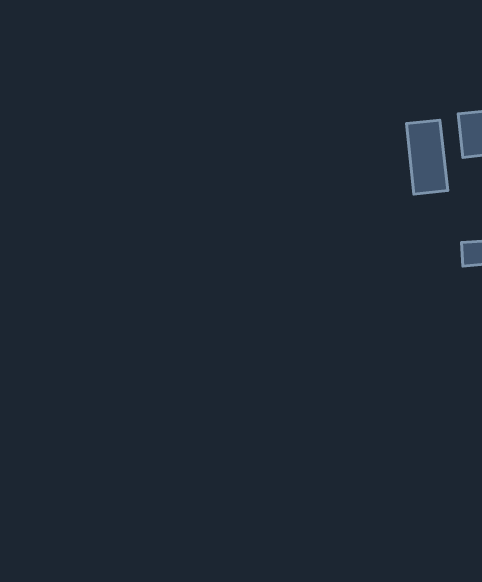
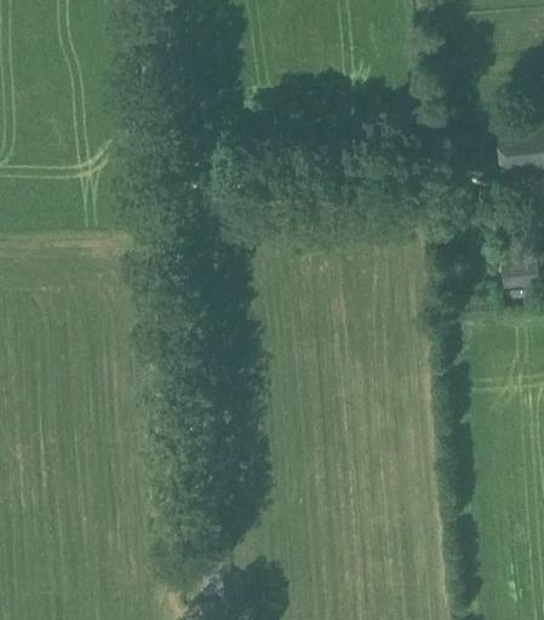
building: [407,120,448,194] -> none

